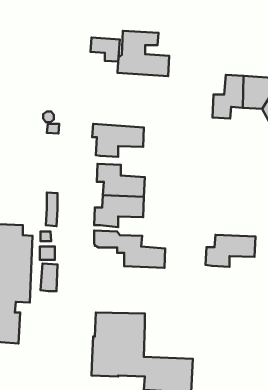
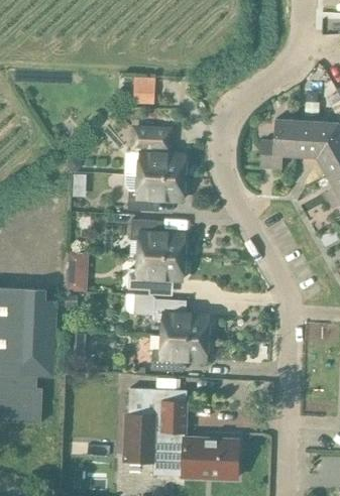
building: [118,31,169,76] -> [125,127,184,178]
building: [206,235,255,267] -> [149,336,206,372]

